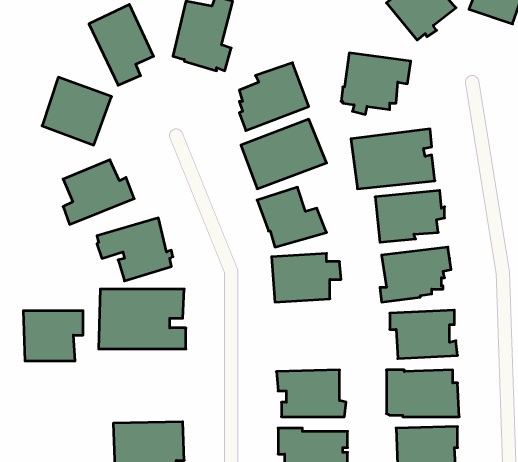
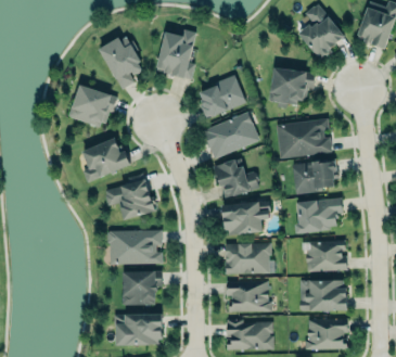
building: [23,311,83,361] -> [122,271,162,305]
building: none -> [223,243,274,275]

